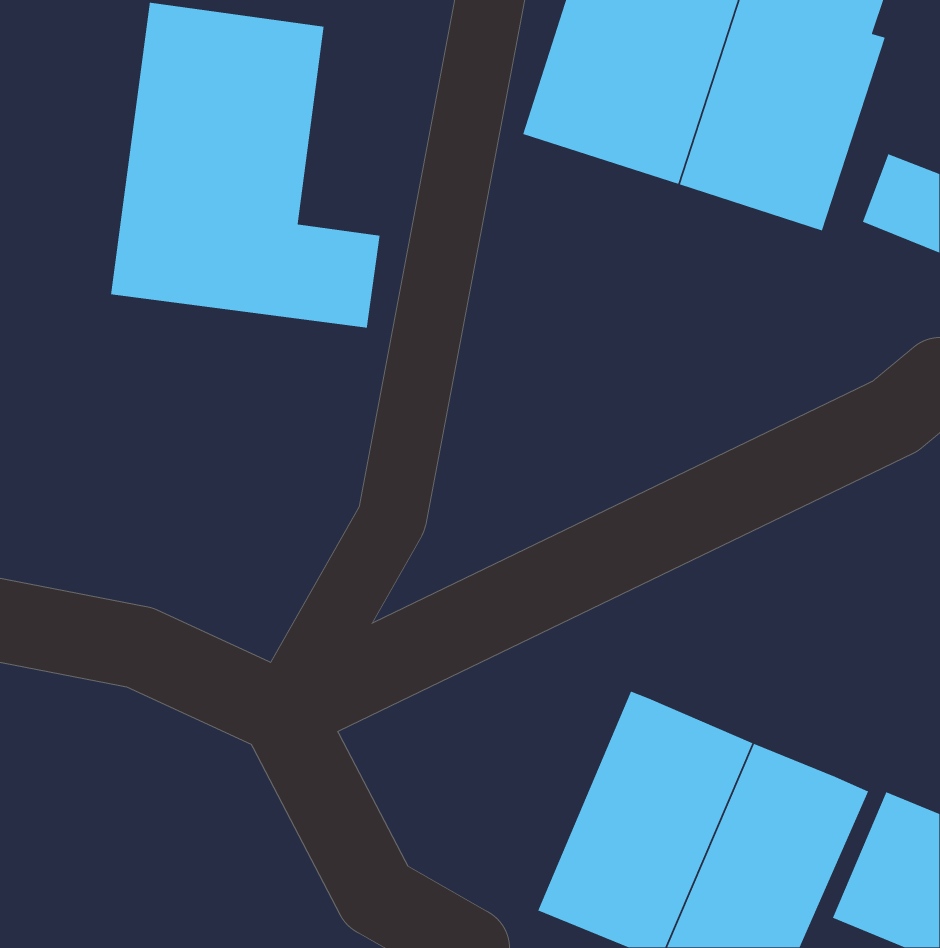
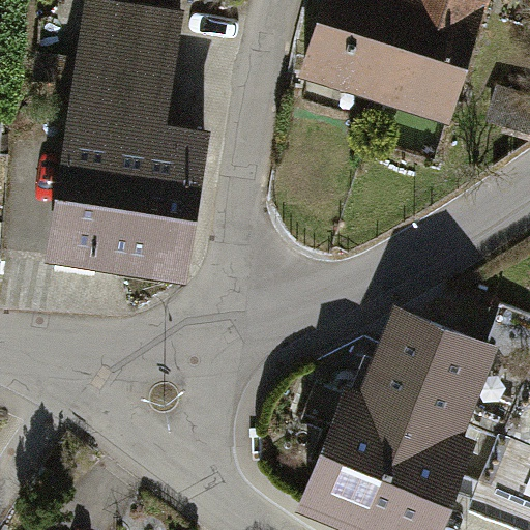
building: none -> [48,164,204,284]
building: none -> [360,303,500,431]

